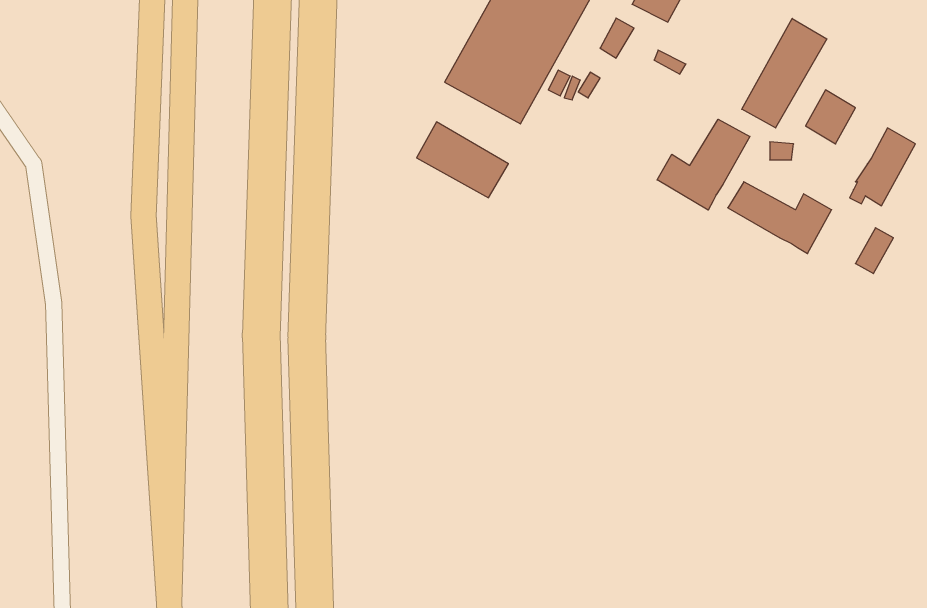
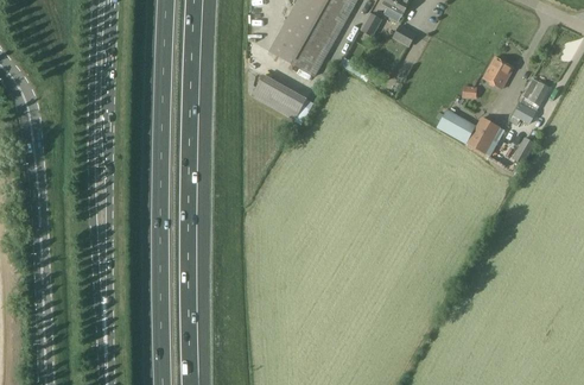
building: [742,18,827,128] -> none
building: [657,119,750,210] -> none

